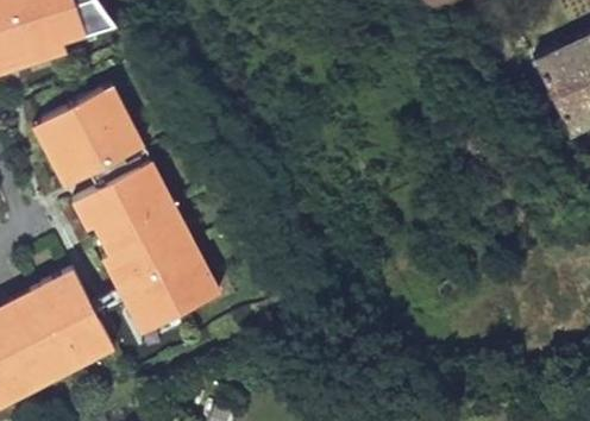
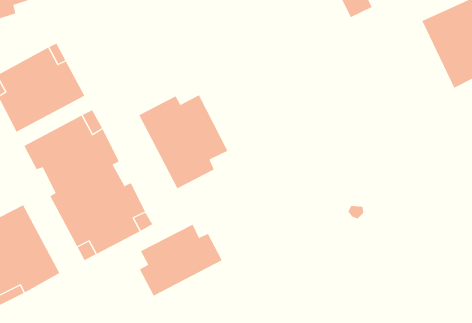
building: none -> [138,95,228,189]
building: none -> [139,224,223,296]

